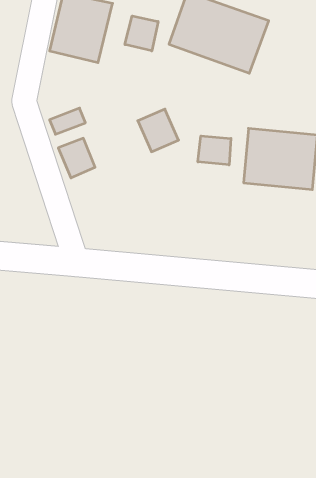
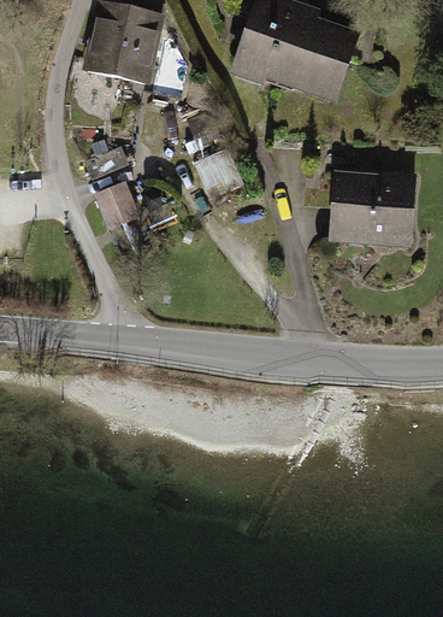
building: [125,16,158,51] -> none
building: [198,136,231,165] -> none

